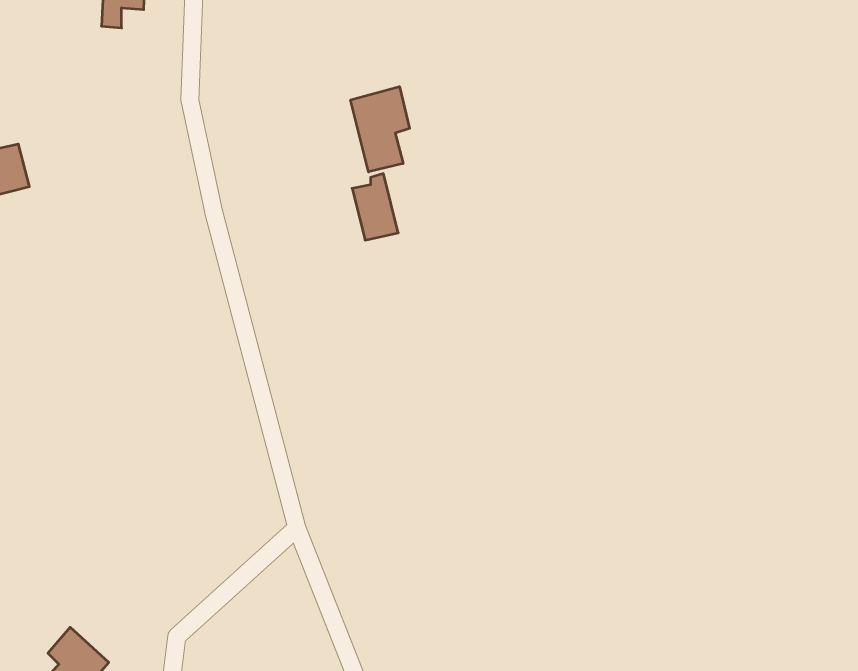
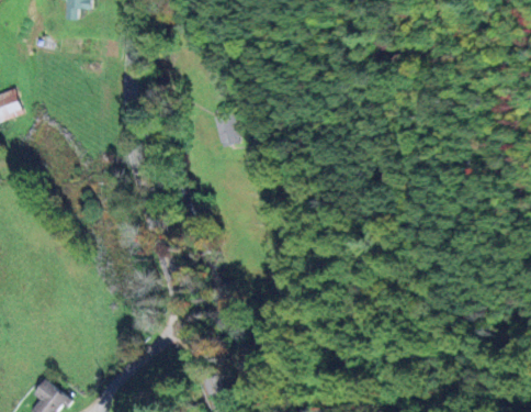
building: [351,87,410,172] -> none

